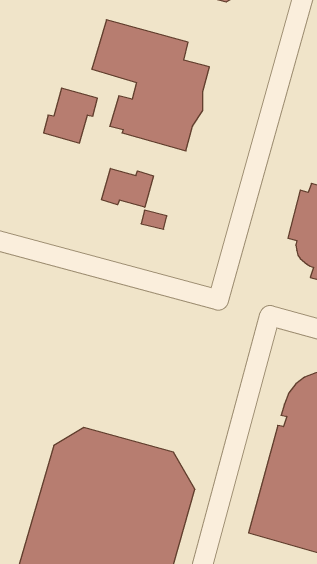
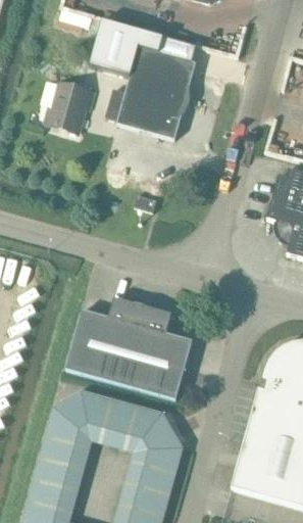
building: [102,168,154,207] -> none
building: none -> [65,296,193,398]

